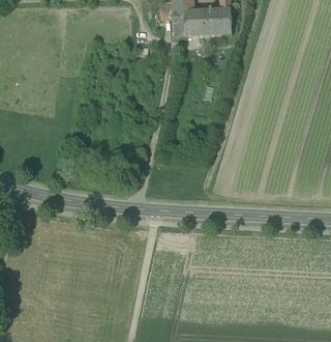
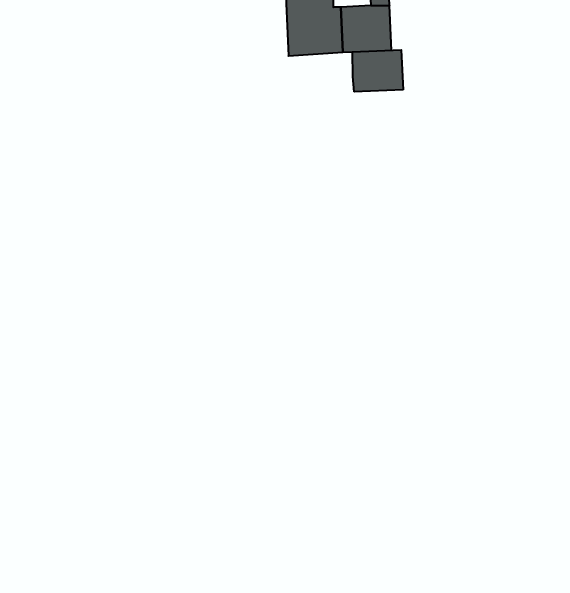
building: none -> [352,50,403,92]

